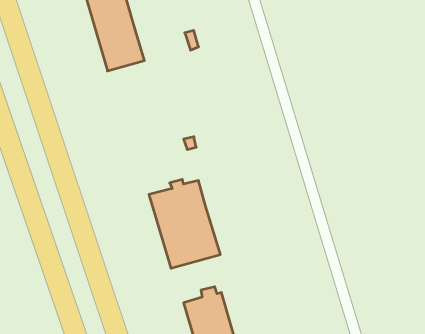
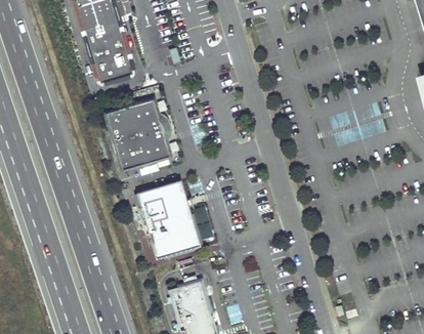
building: none -> [105,100,170,171]

